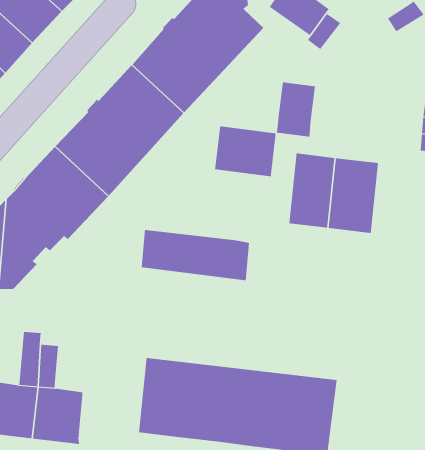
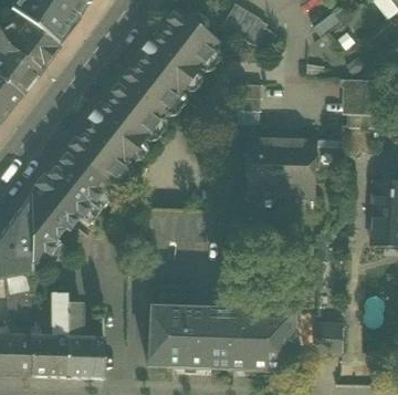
building: [214,125,276,177] -> none
building: none -> [316,323,344,354]

